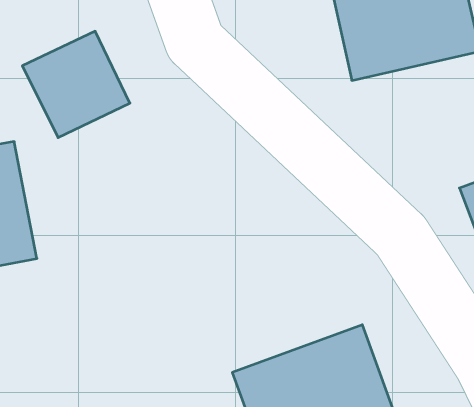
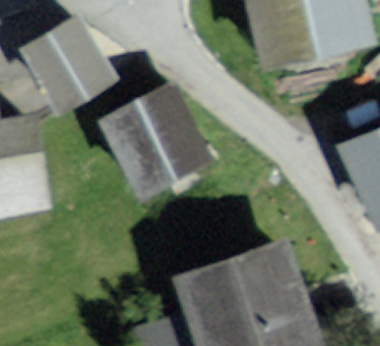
building: none -> [115,98,205,190]

